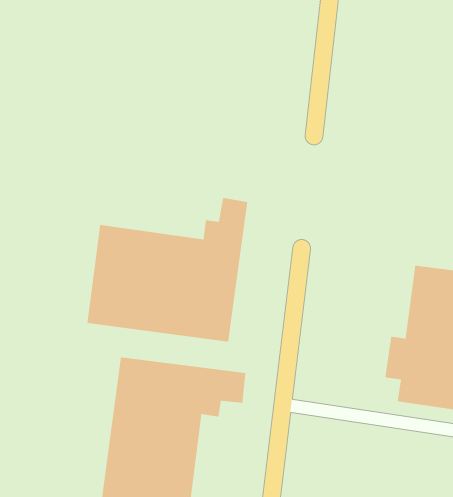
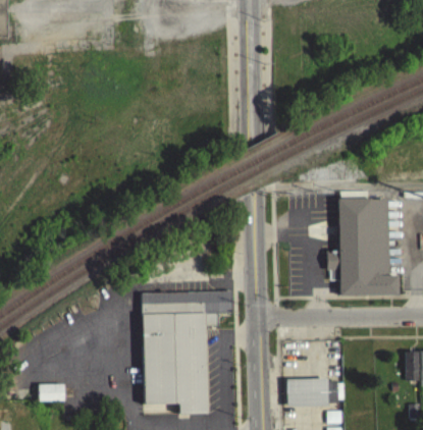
building: [87,197,248,342] -> none

